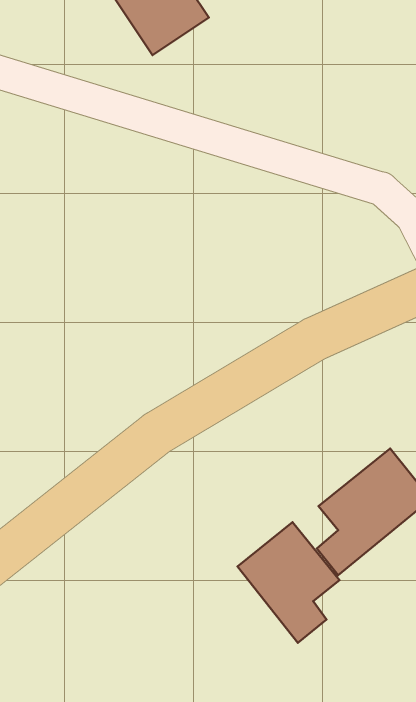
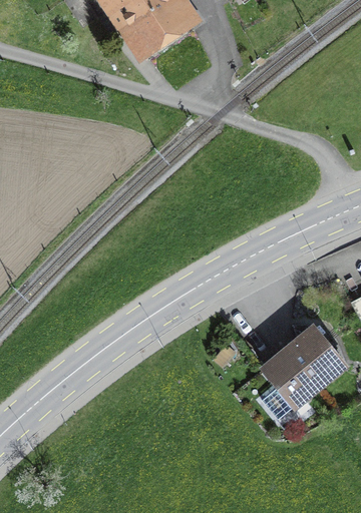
building: [237,522,339,643] -> none

